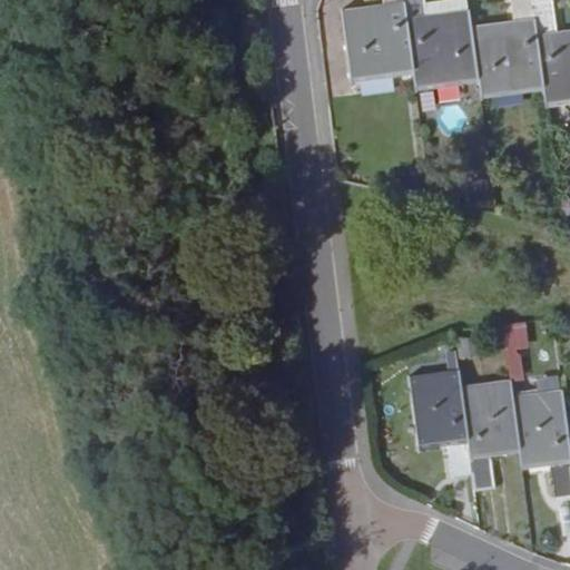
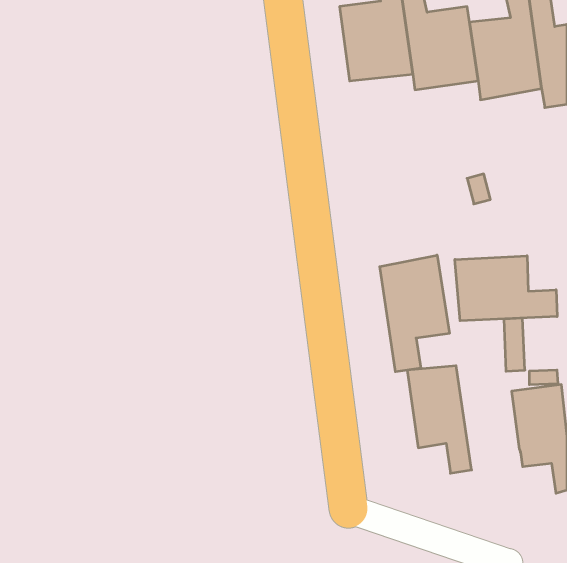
building: none -> [380,255,449,372]
building: none -> [455,256,557,321]
building: [461,376,522,490] -> none

